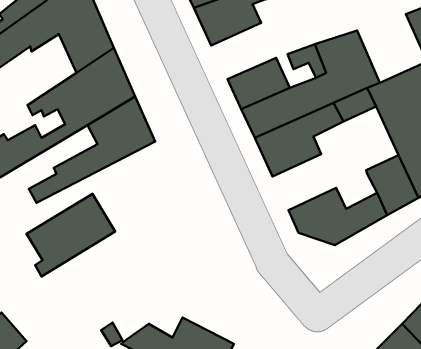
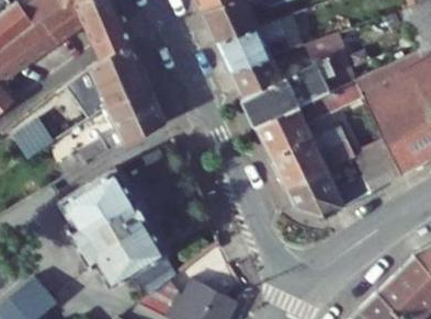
building: none -> [217,7,311,71]
building: none -> [271,124,354,186]
building: none -> [68,205,173,299]

